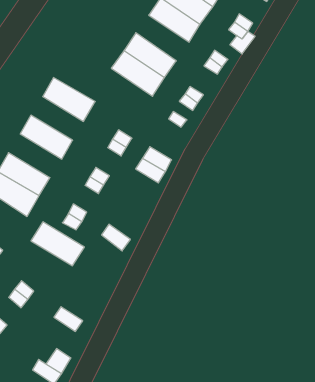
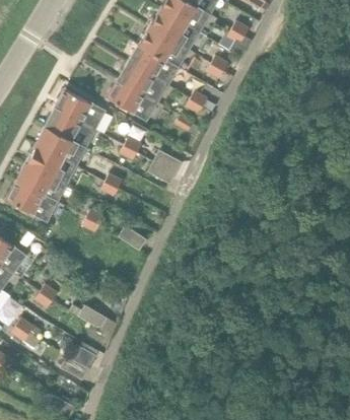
building: none -> [140,25,191,67]
building: none -> [108,77,159,120]
building: none -> [46,108,95,147]
building: [31,222,84,266] -> [26,144,77,184]

